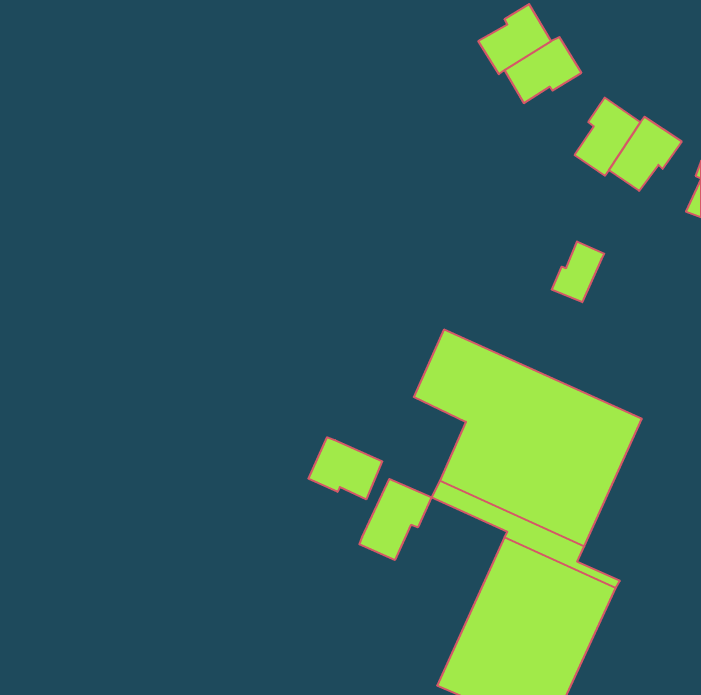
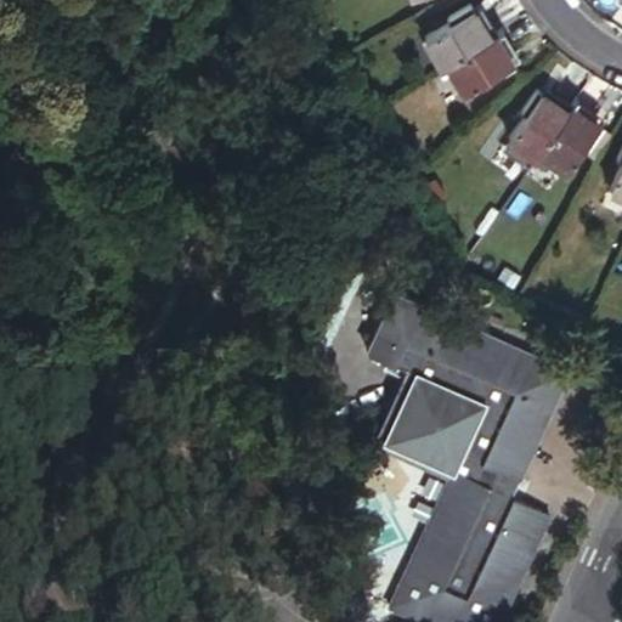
building: [552,241,604,302] -> none
building: [308,437,382,499] -> none
building: [359,479,432,560] -> none

